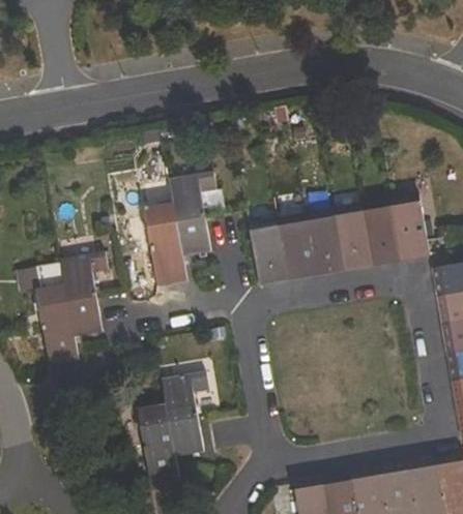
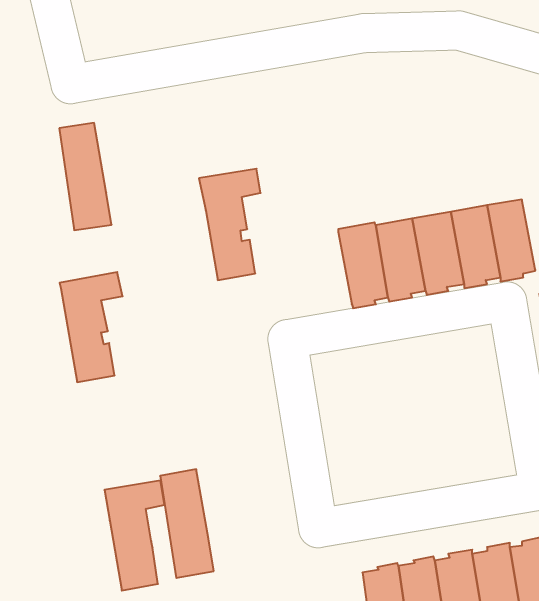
building: [147,205,187,288] -> [59,123,112,230]
building: [249,221,287,285] -> none
building: [36,265,79,367] -> none
building: [163,373,209,458] -> [104,481,165,591]

